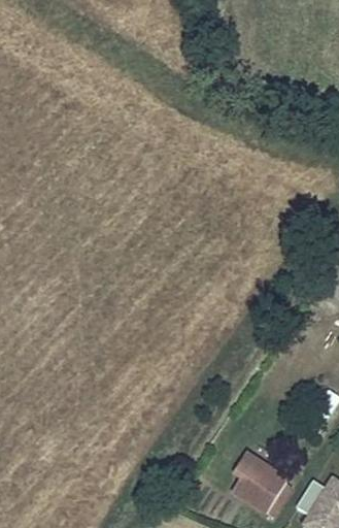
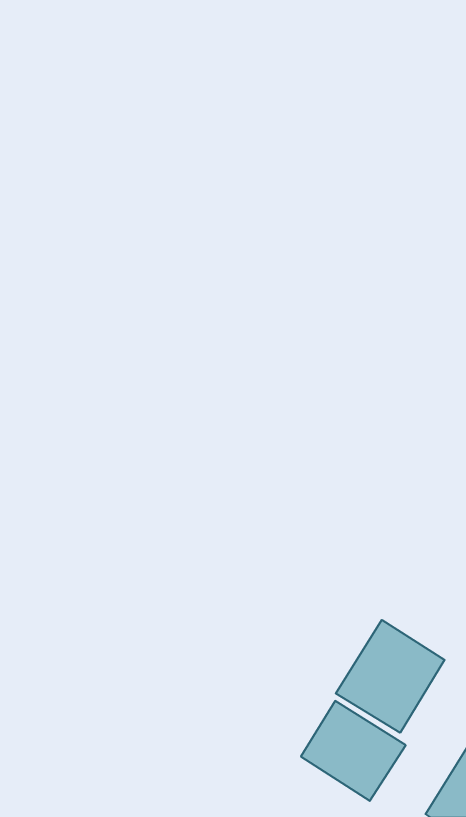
building: none -> [336,620,445,733]

